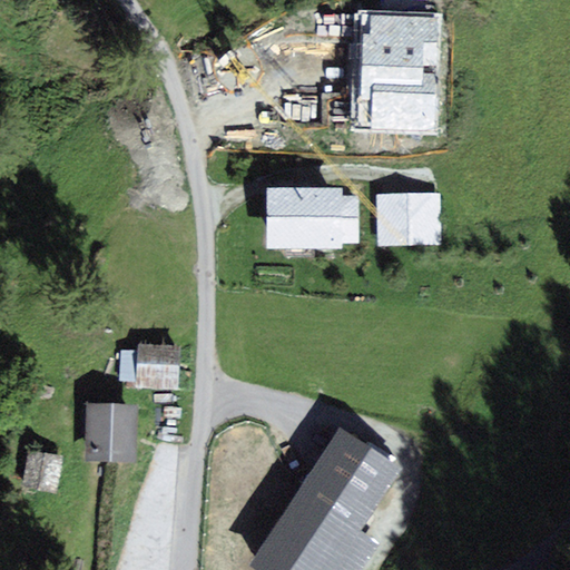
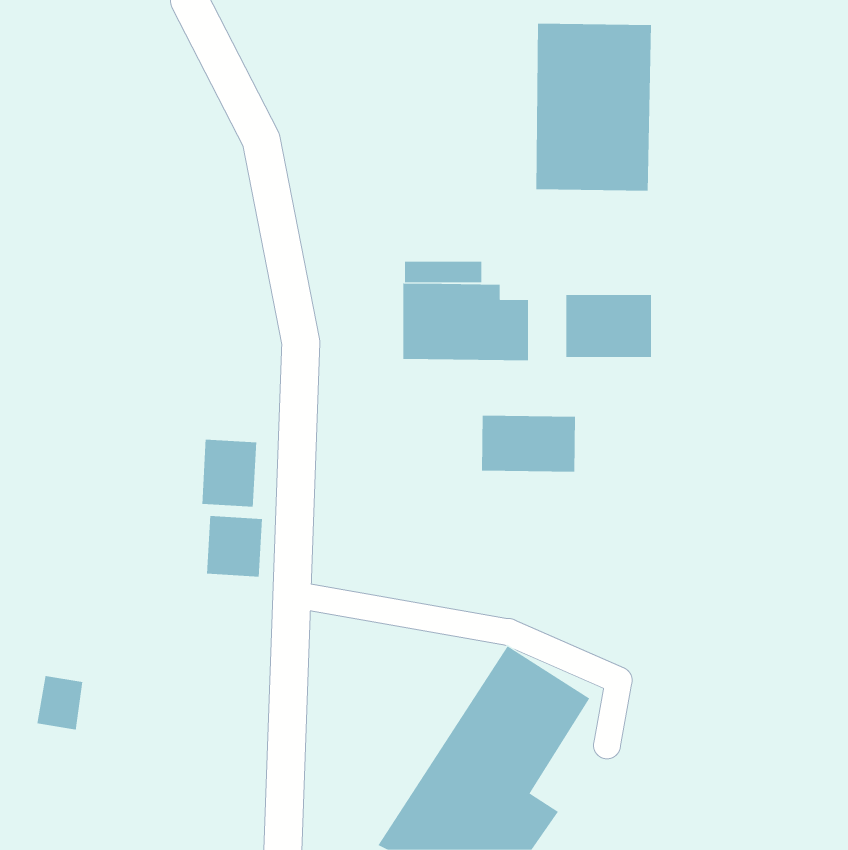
building: none -> [481,415,576,472]
building: none -> [202,439,257,507]
building: [88,404,130,458] -> none

